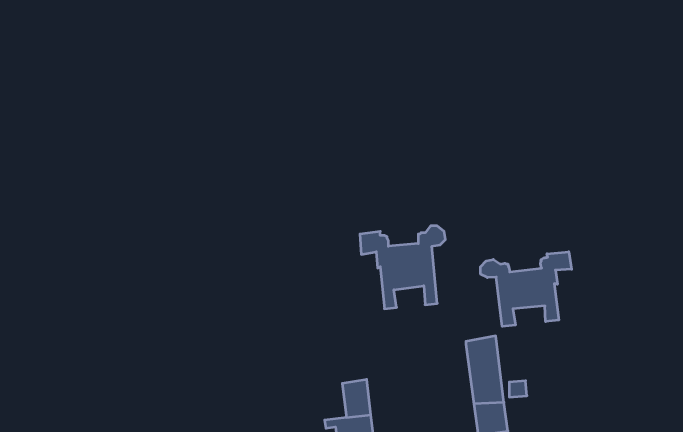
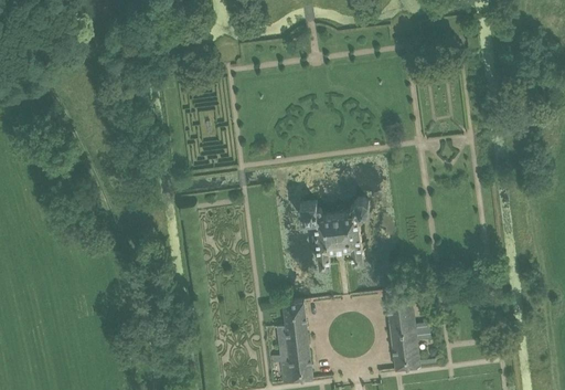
building: [480,252,572,326] -> none
building: none -> [281,302,305,327]

